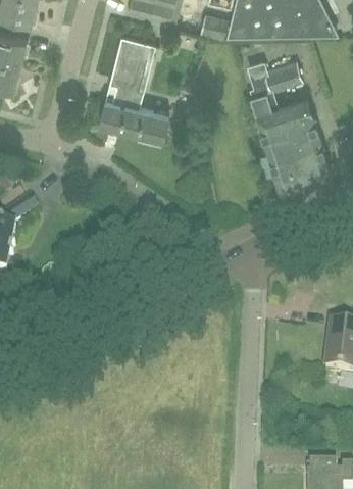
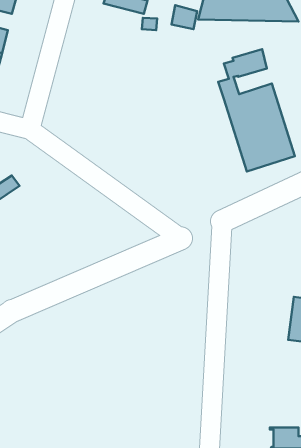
building: [99,36,169,139] -> none

